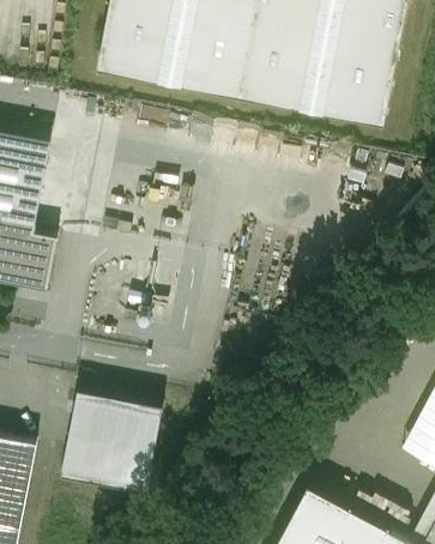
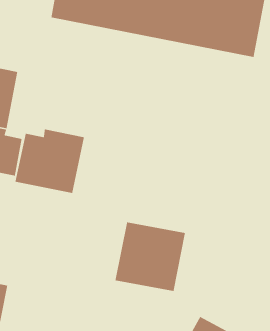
building: none -> [14,129,85,194]
building: [60,392,161,491] -> [115,221,186,292]

